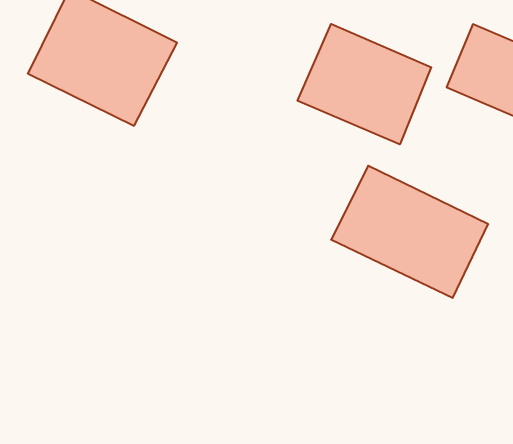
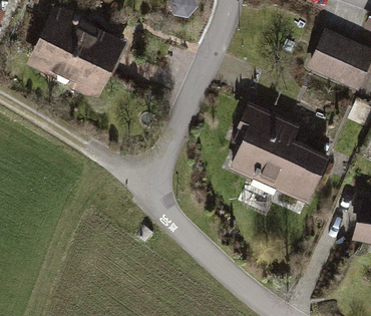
building: [298,24,431,144] -> none

